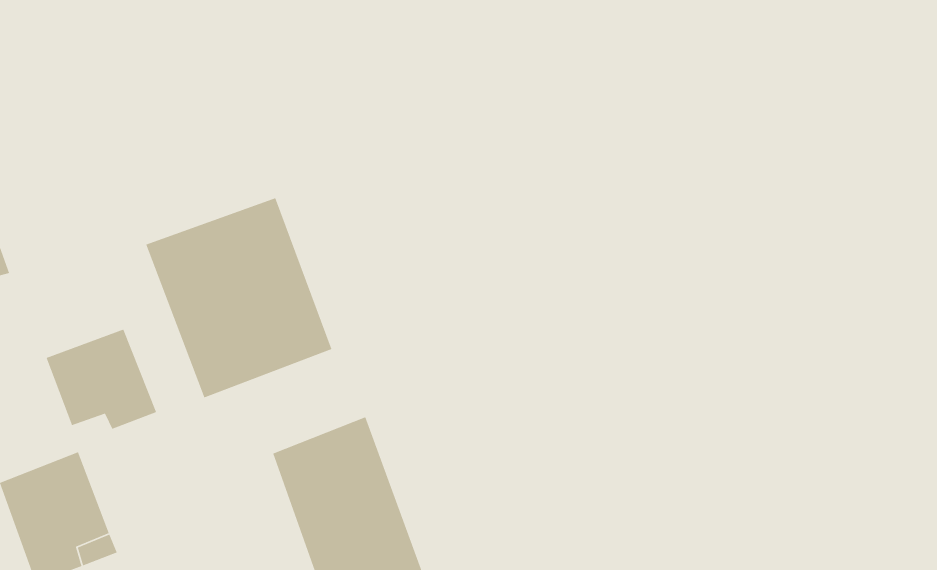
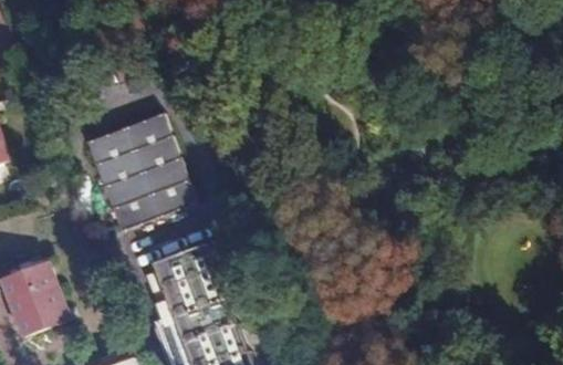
building: [46,329,157,430] -> none

